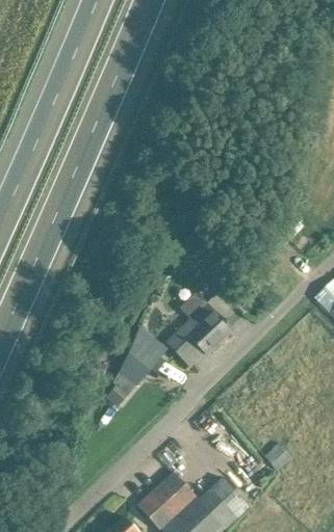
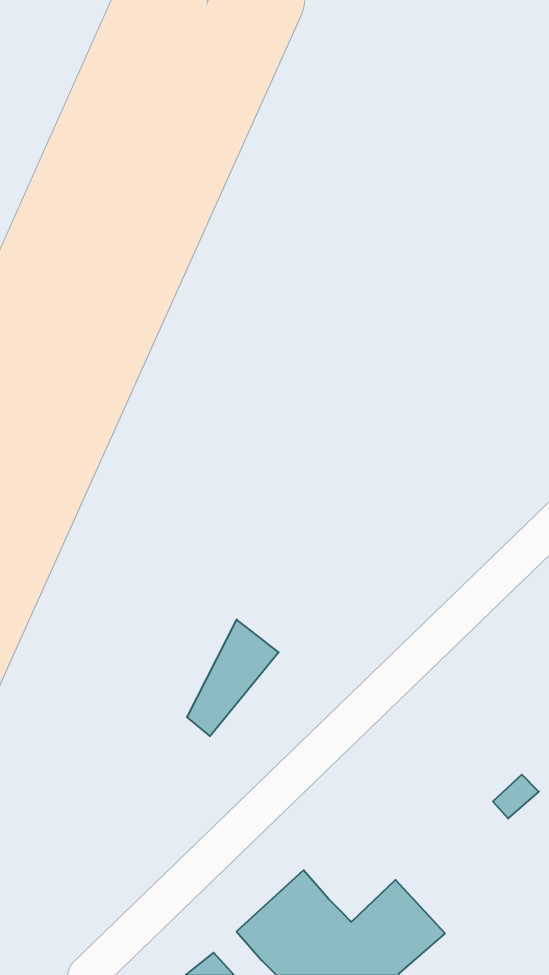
building: [168,293,230,366] -> none

